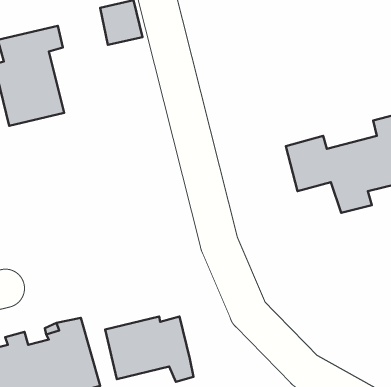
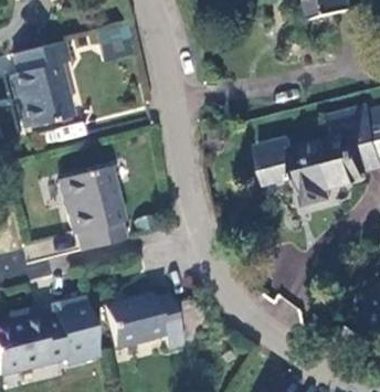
building: none -> [59,169,123,253]

